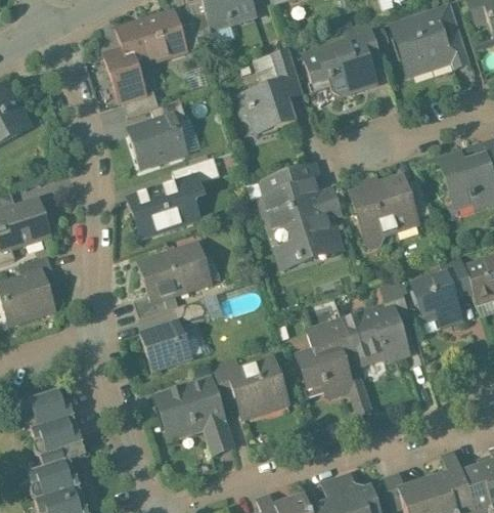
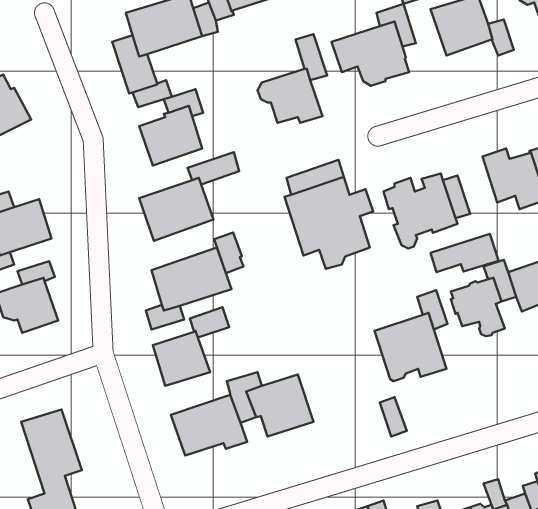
building: none -> [214,232,243,273]
building: none -> [430,234,499,272]
building: [300,318,358,394] -> none
building: [205,420,235,454] -> none

